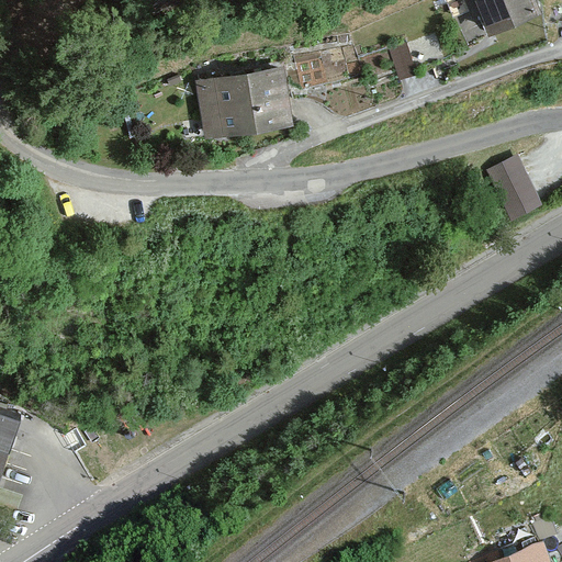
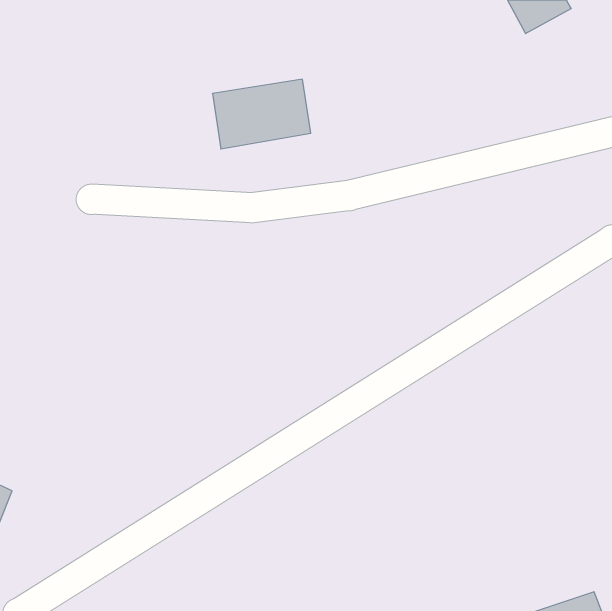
building: [487,150,544,216] -> none

